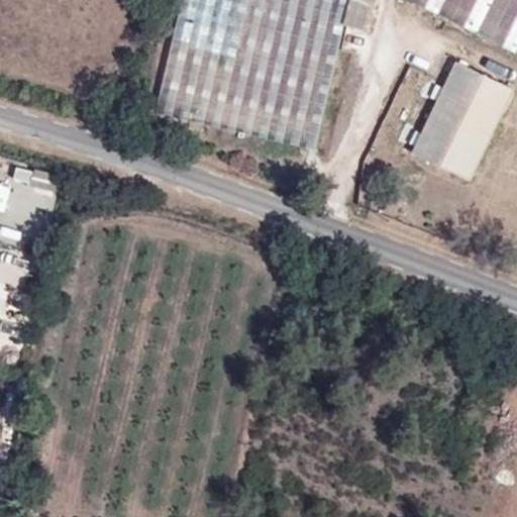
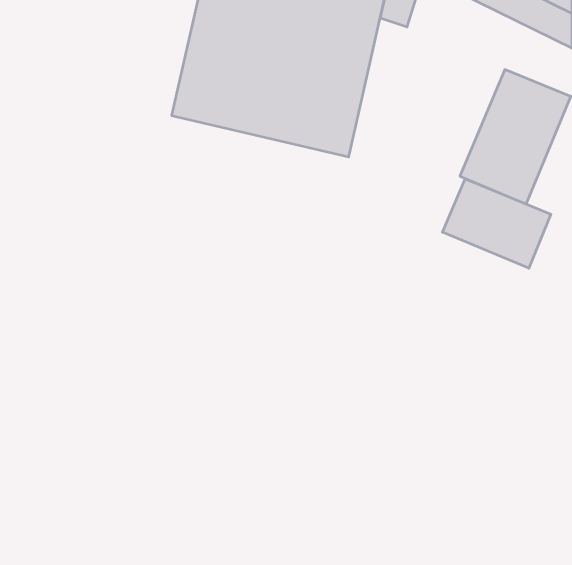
building: none -> [442,179,551,268]

